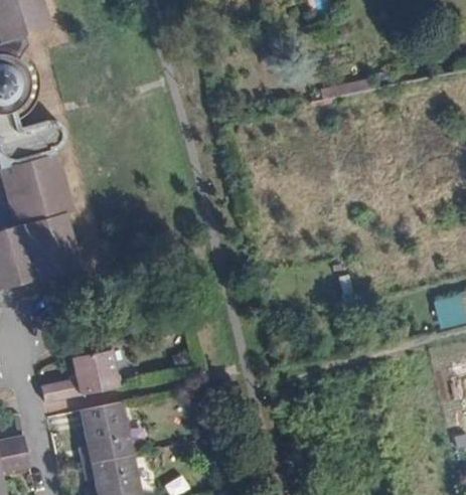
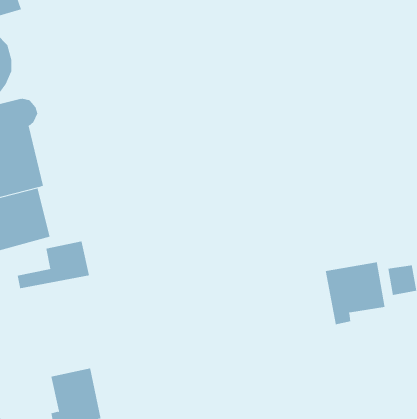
building: none -> [325,261,385,325]
building: [41,351,118,401] -> [17,241,90,289]

